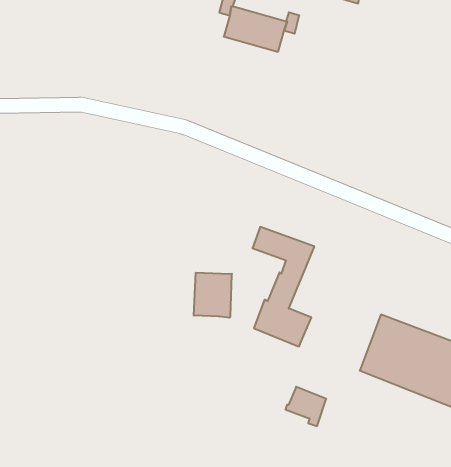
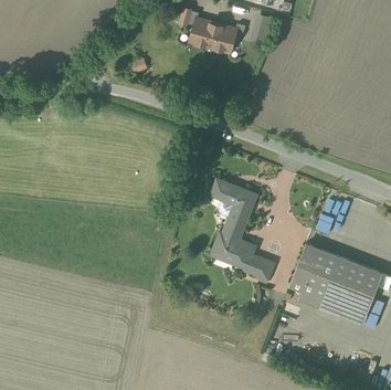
building: [194,273,232,318] -> none
building: [285,387,326,426] -> [243,254,273,283]

